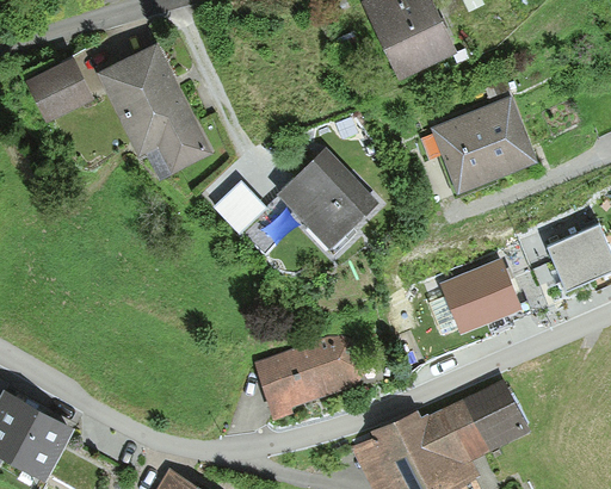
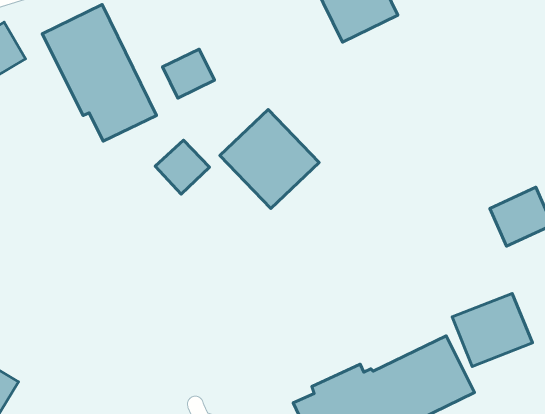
building: none -> [162,49,215,98]
building: [431,98,536,194] -> none
building: [440,261,521,335] -> [452,293,532,366]
building: [254,334,358,416] -> none

